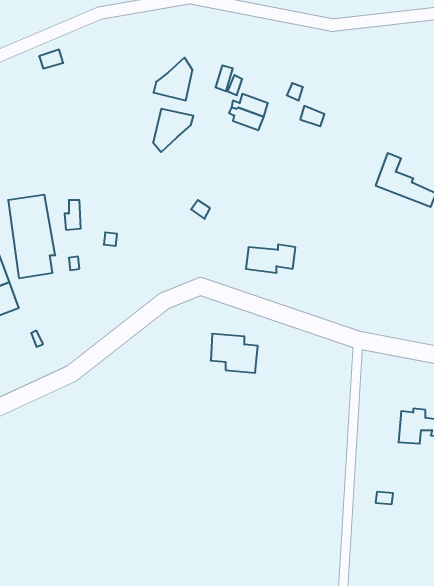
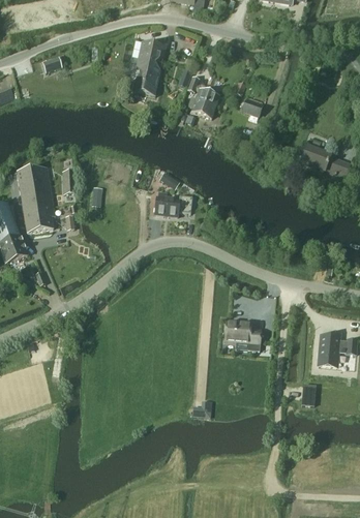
building: [153,109,193,152] -> [136,40,167,73]
building: [246,245,295,273] -> [154,194,192,216]
building: [211,334,258,373] -> [224,321,261,351]

